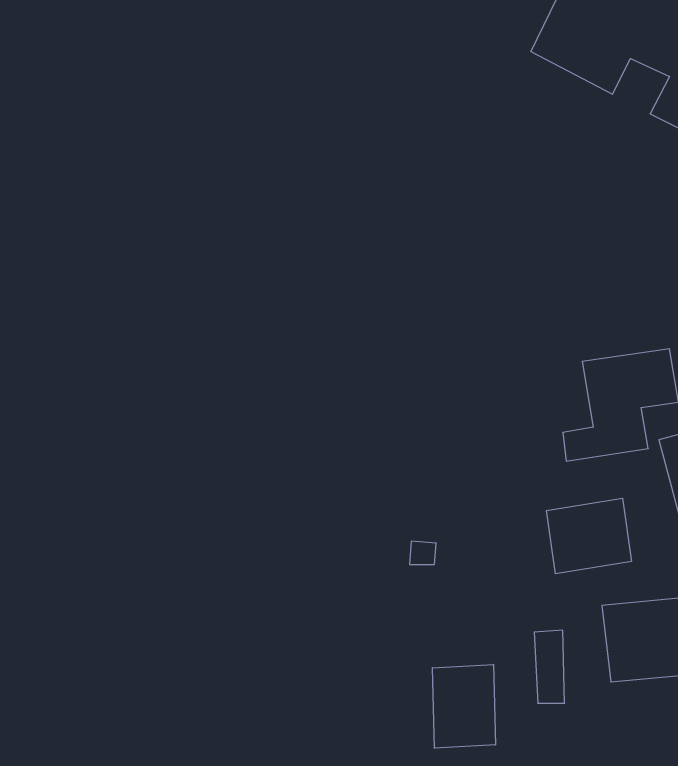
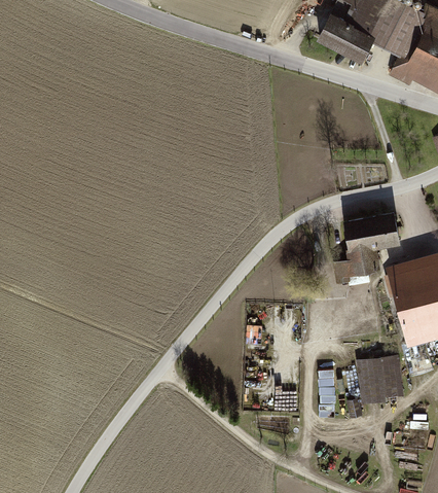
building: [546,498,631,574] -> none
building: [432,664,495,748] -> none

